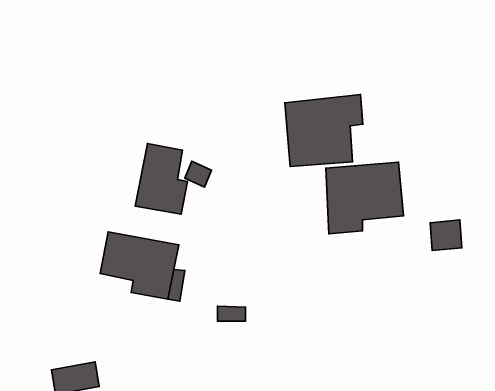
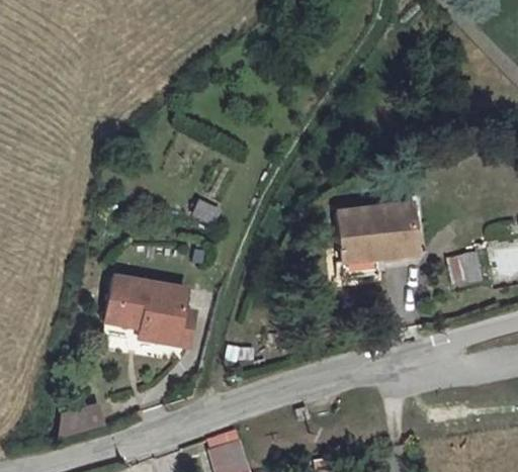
building: [285,94,363,166] -> none
building: [135,144,188,214] -> none

